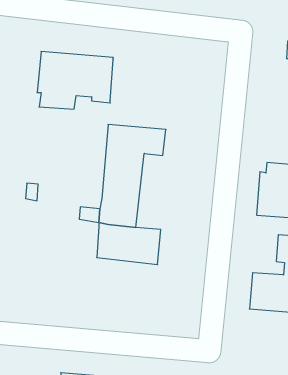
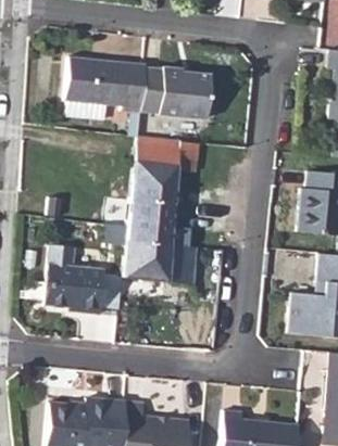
building: none -> [141,68,211,118]
building: none -> [49,264,127,314]

